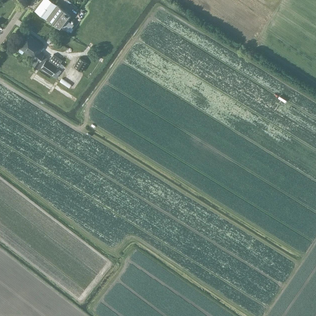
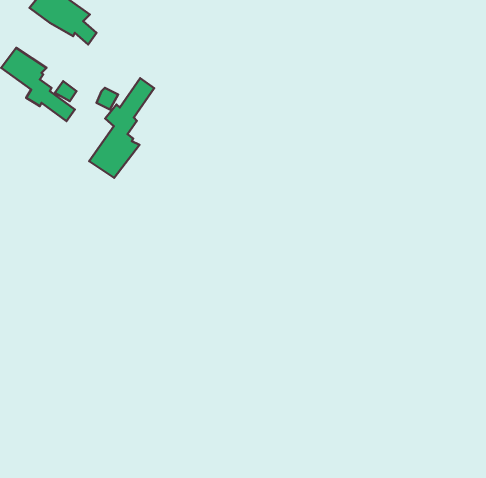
building: none -> [89,78,154,178]

